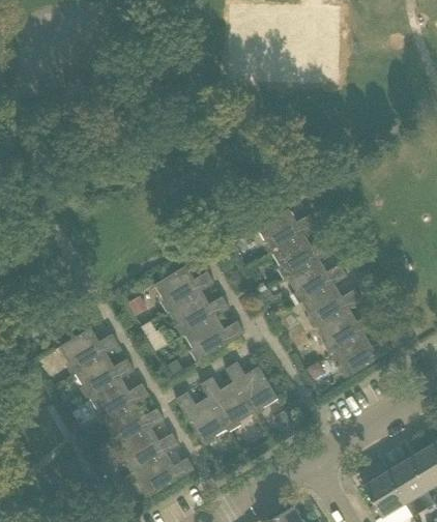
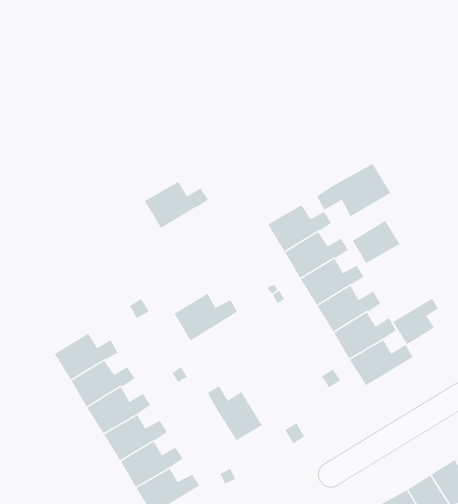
building: none -> [316,163,391,217]
building: none -> [352,220,401,264]
building: [154,264,214,309] -> [144,181,209,229]
building: none -> [392,298,439,345]
building: [185,315,244,358] -> none
building: [226,360,279,412] -> none
building: [176,390,228,442] -> none

